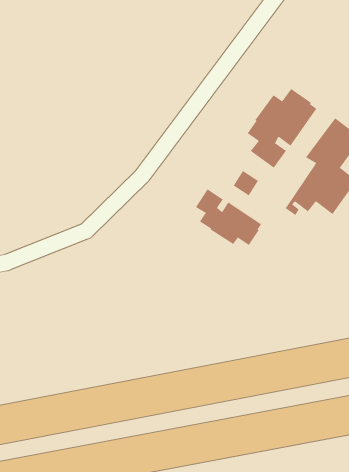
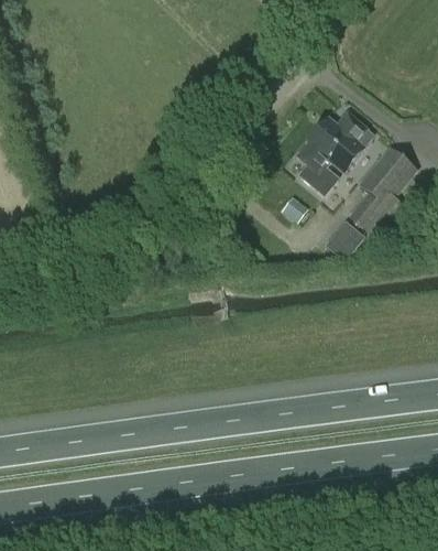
building: [195,189,262,246] -> none

